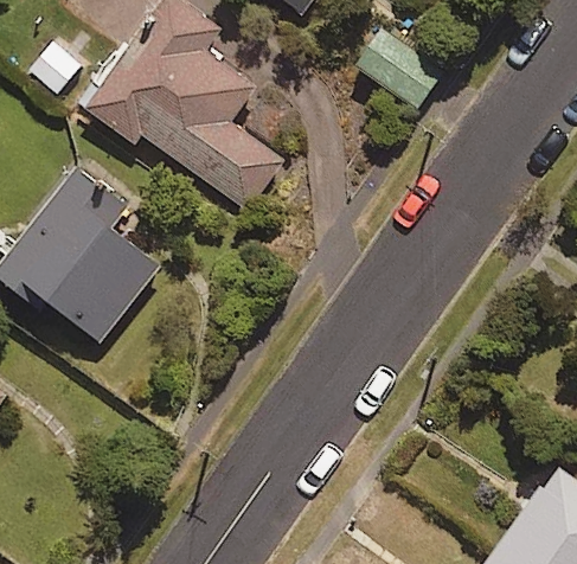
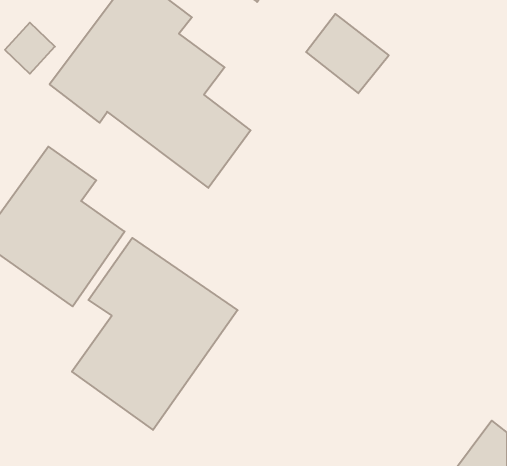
building: none -> [72,238,238,430]

